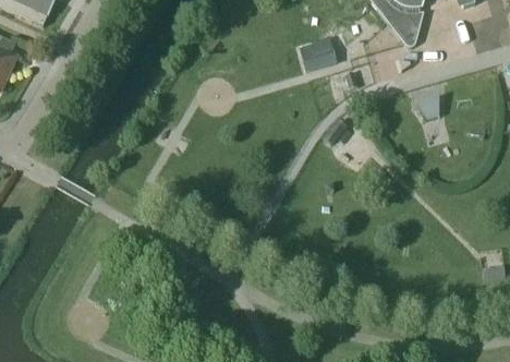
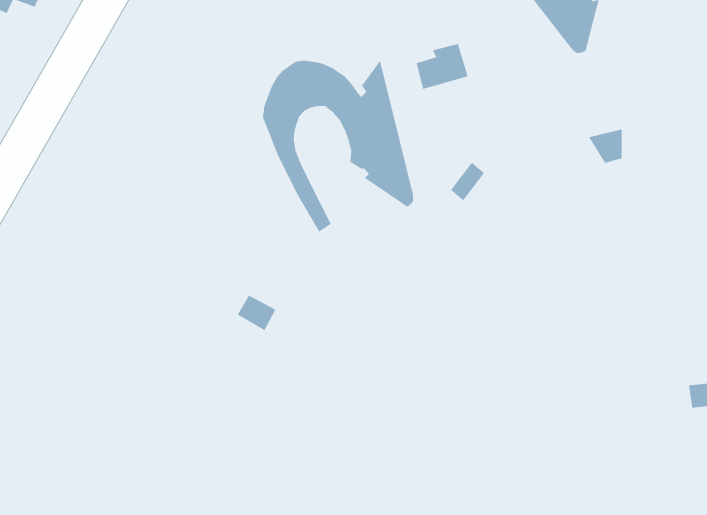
building: none -> [263,60,413,232]

